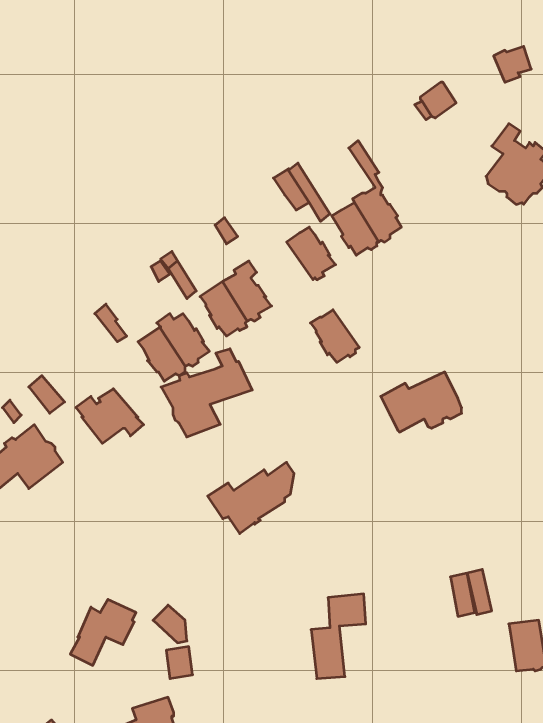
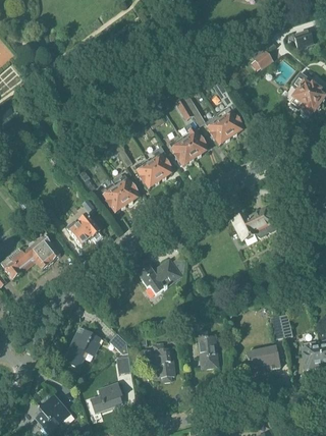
building: [310,310,359,362] -> [169,137,196,165]
building: [161,349,252,437] -> none
building: none -> [141,342,174,382]
building: none -> [247,346,280,372]

